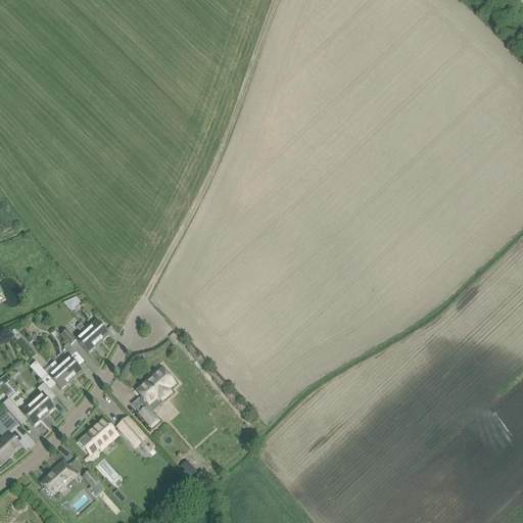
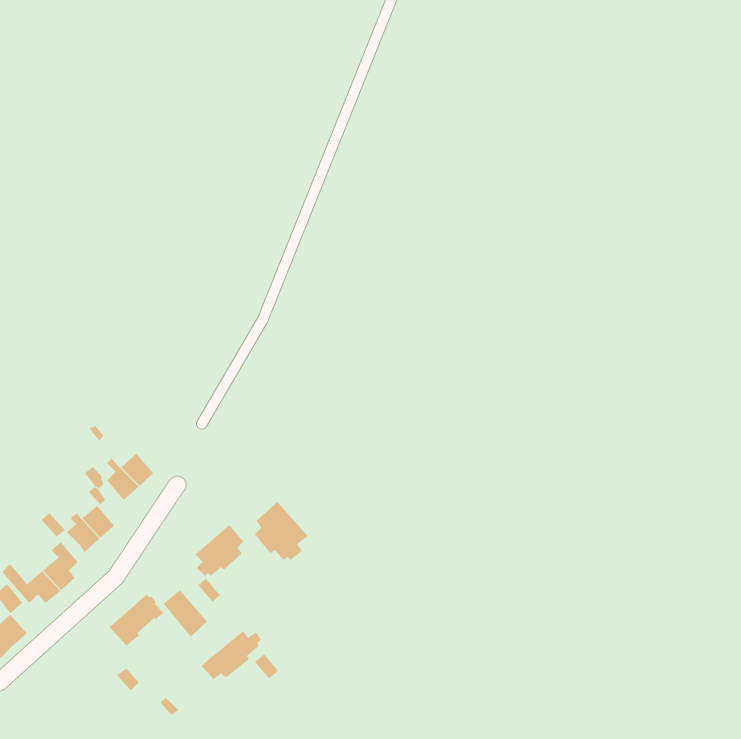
building: none -> [254,501,308,561]
building: none -> [201,630,262,680]
building: [40,459,76,494] -> none

